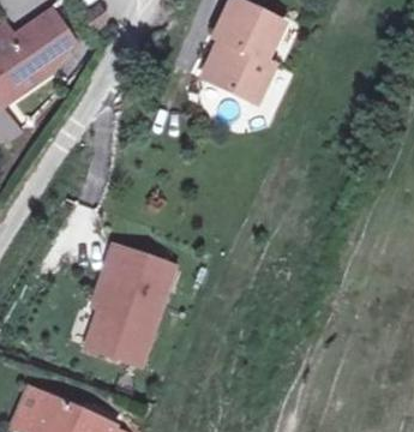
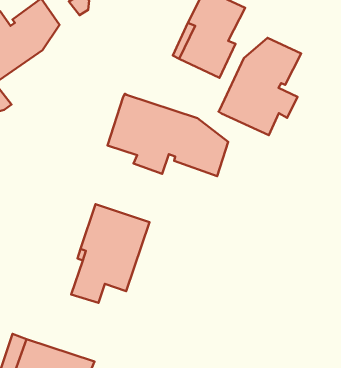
building: none -> [219,38,301,135]
building: none -> [107,94,228,176]

